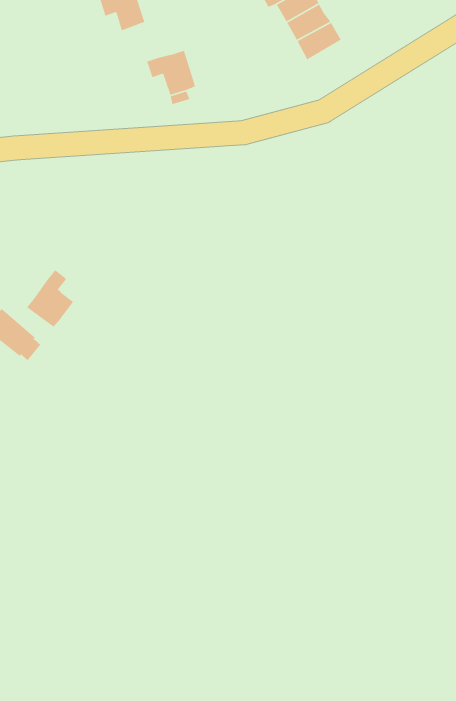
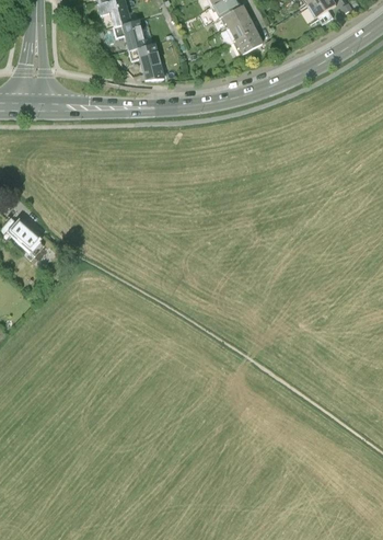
building: none -> [112,20,147,49]
building: [26,269,74,328] -> none

